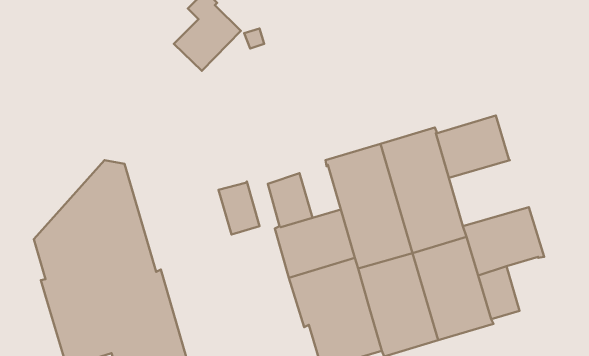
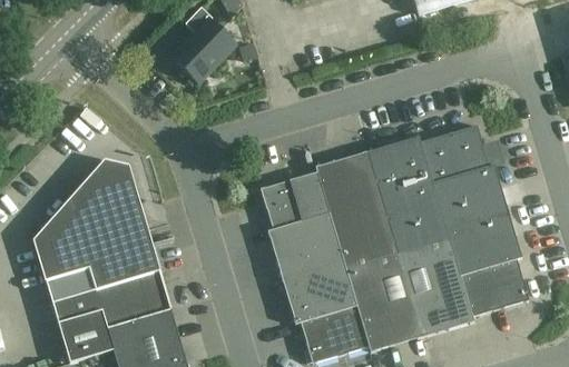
building: none -> [432,165,508,229]
building: [219,182,260,234] -> [291,171,330,221]
building: none -> [487,258,529,309]

